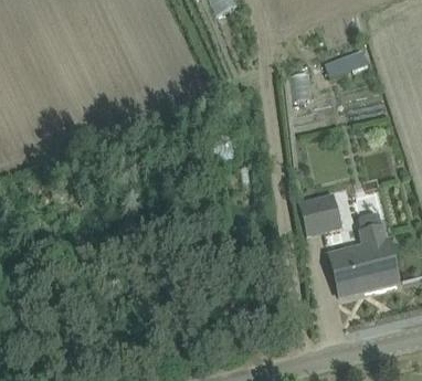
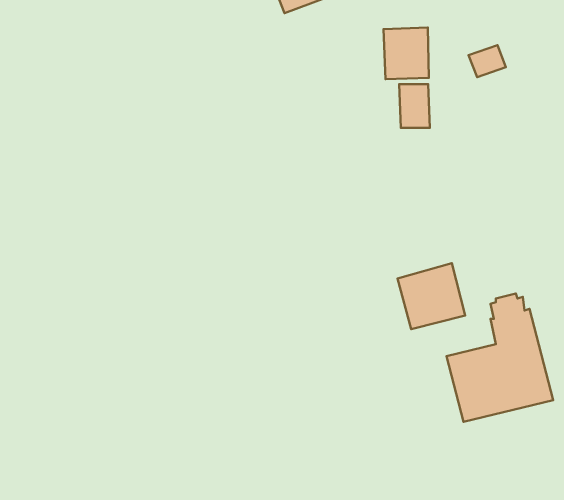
building: none -> [383,28,429,79]

